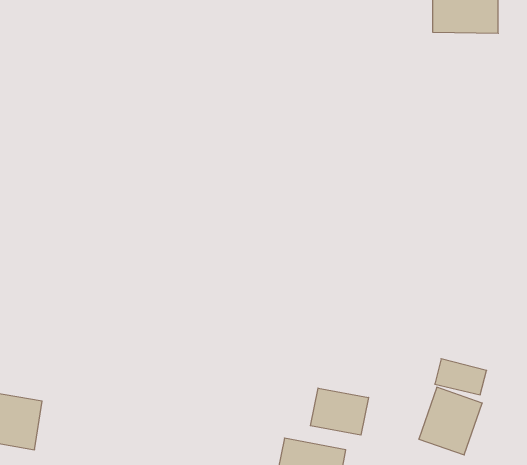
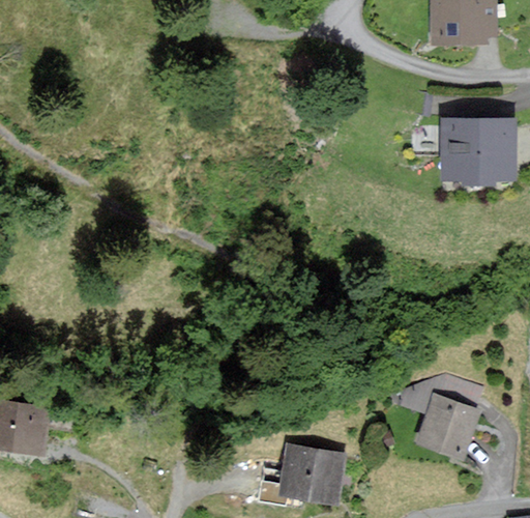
building: none -> [442,118,516,179]
building: [310,388,369,435] -> none

